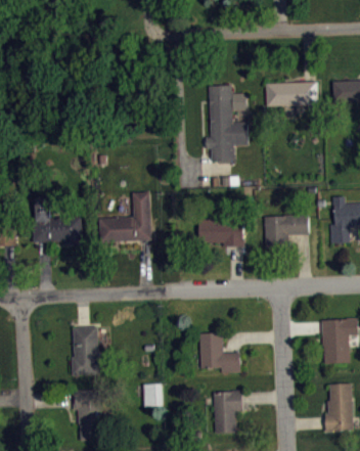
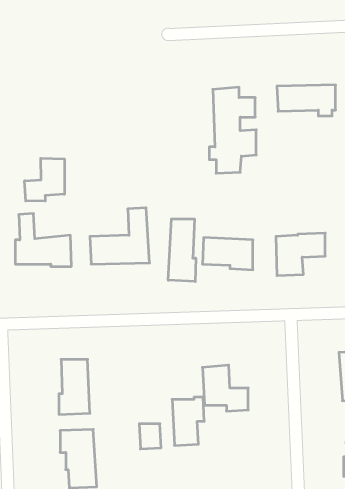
building: none -> [25,158,64,201]
building: none -> [168,219,196,282]
building: [214,391,242,434] -> [172,397,204,445]

